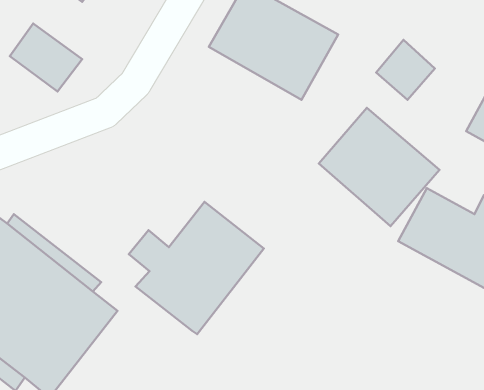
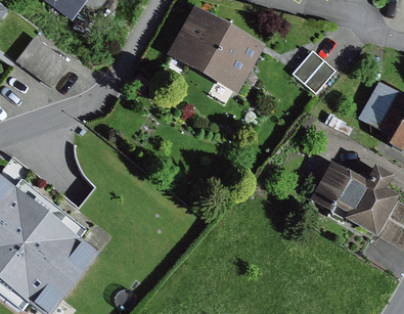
building: [319,108,440,226] -> none
building: [129,202,264,334] -> none

